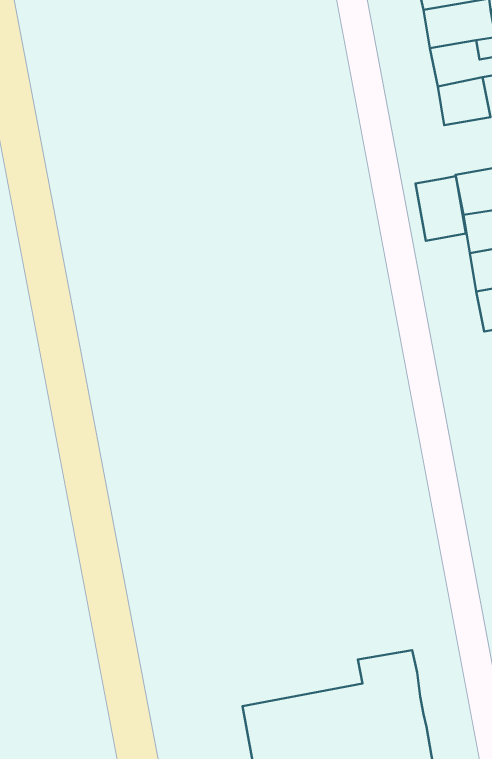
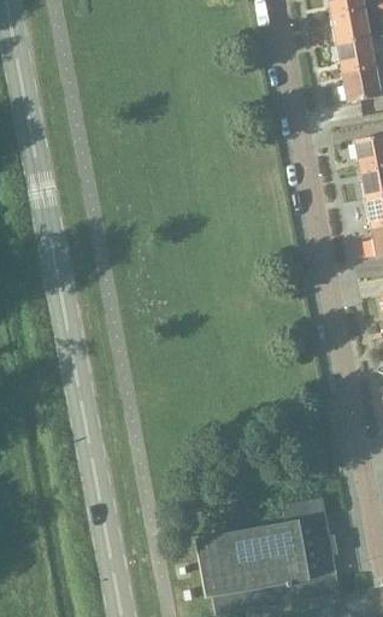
building: [416,176,466,241] -> none

